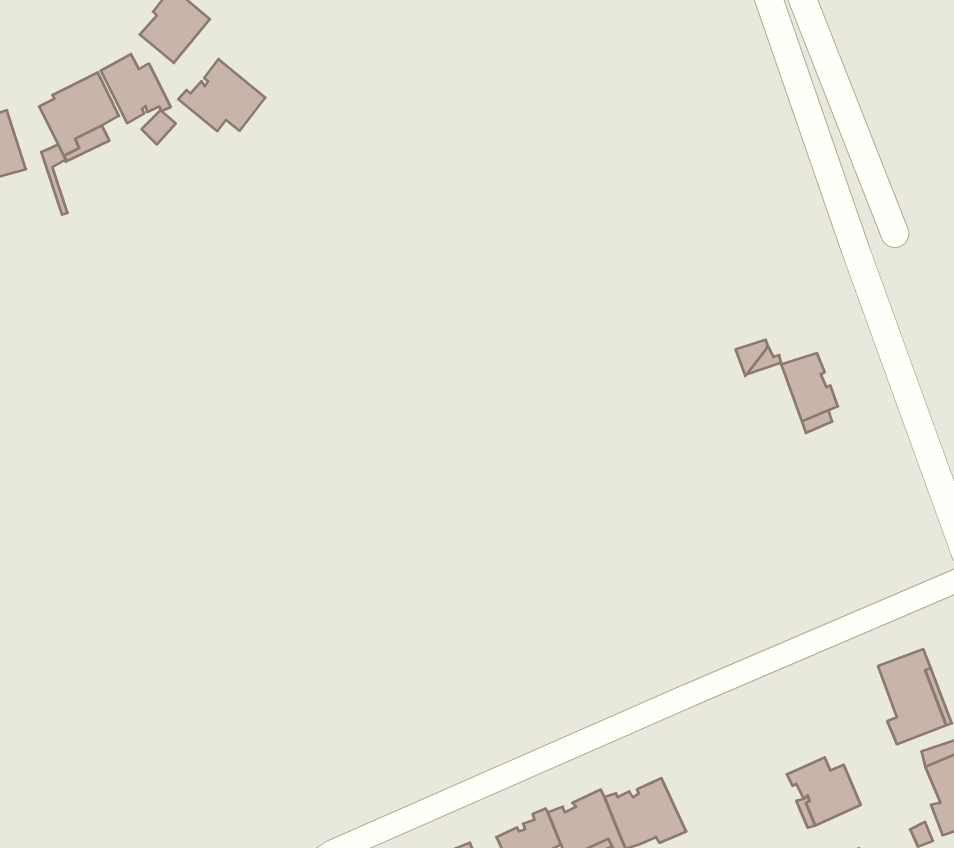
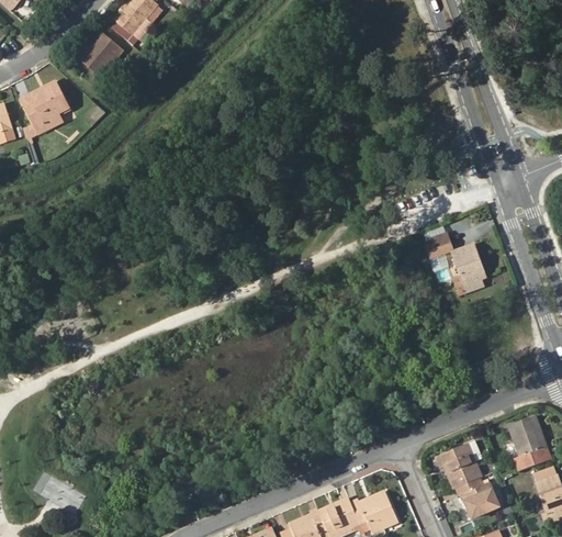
building: [101,54,171,123] -> none
building: [178,59,265,131] -> none
building: none -> [440,443,481,490]

